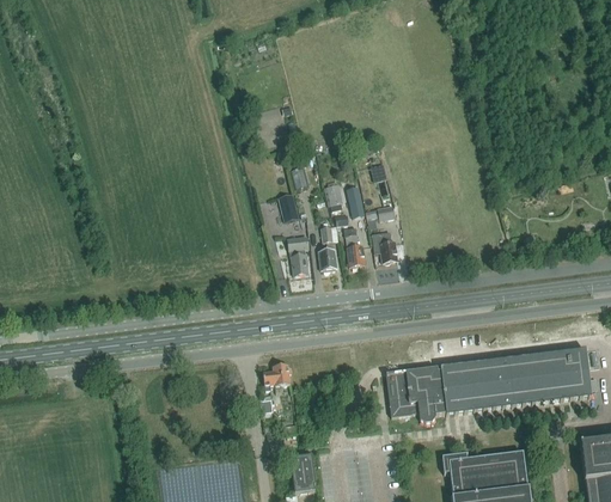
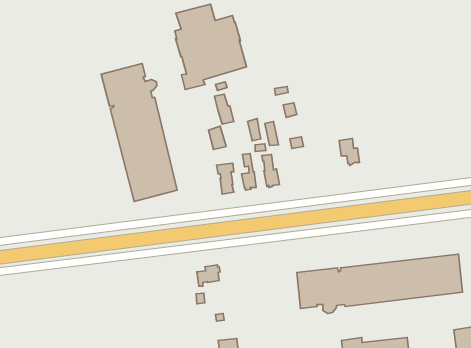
building: none -> [175,4,247,90]
building: none -> [101,63,177,202]
building: [372,228,397,262] -> [339,138,359,166]

